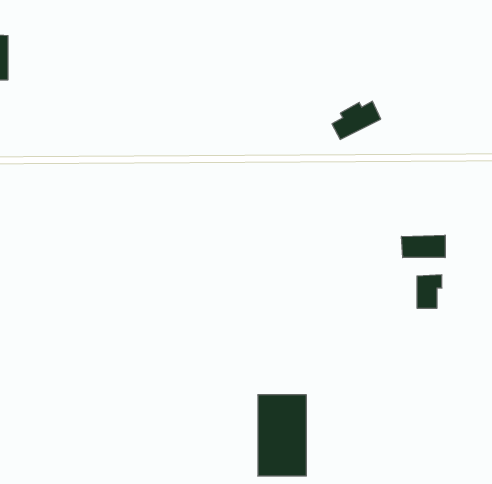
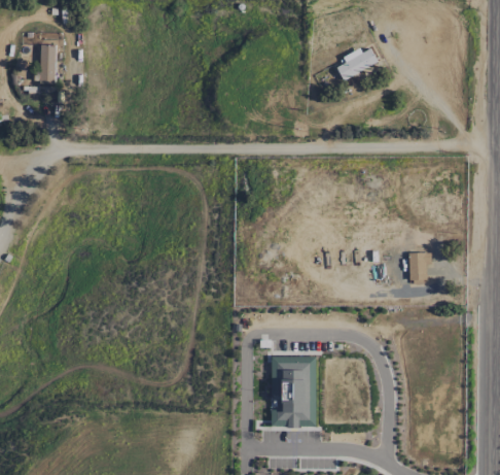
building: [332,101,381,139] -> [336,46,379,79]
building: [402,235,445,258] -> none

